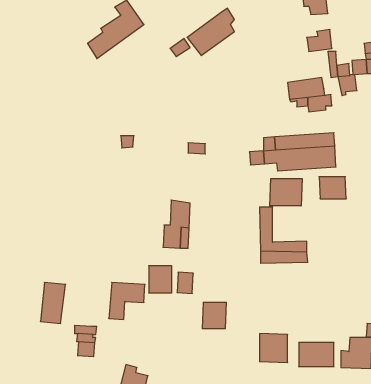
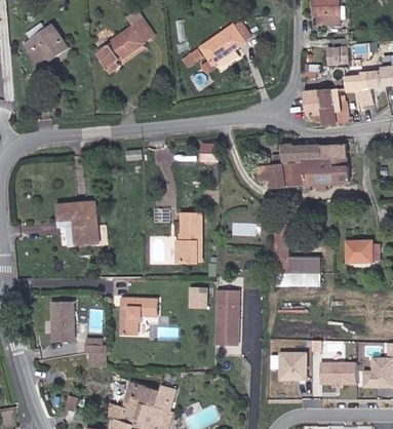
building: none -> [27,26,72,70]
building: [319,177,346,199] -> [347,240,375,263]
building: [270,179,302,206] -> none
building: none -> [58,199,101,242]
building: [149,266,172,293] -> [218,291,241,319]

